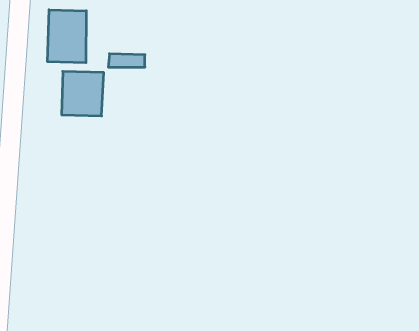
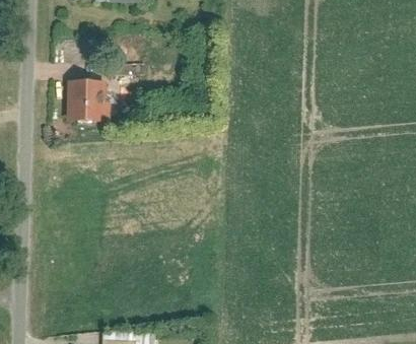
building: [48,10,86,63] -> none

